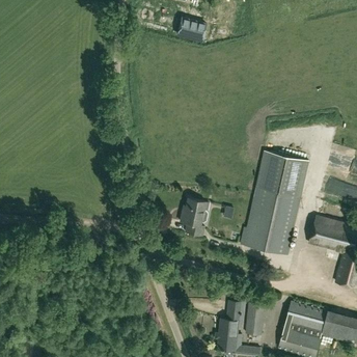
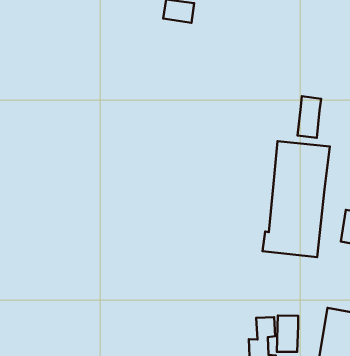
building: none -> [298,96,321,138]
building: [180,198,204,236] -> none

